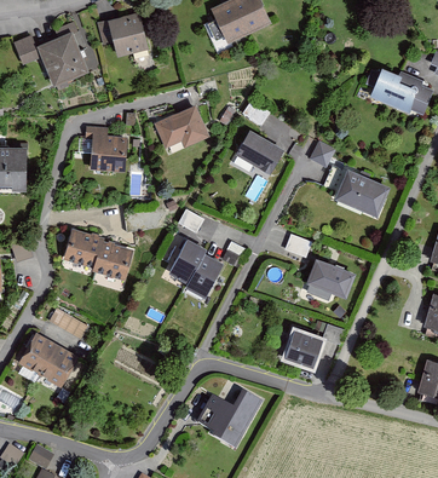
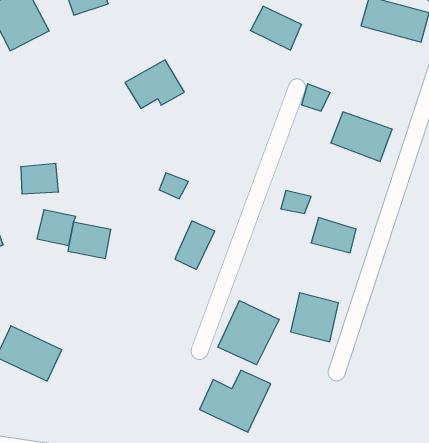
building: [236,132,282,173] -> [250,6,302,50]
building: [92,144,125,169] -> [21,164,59,194]
building: [169,238,207,281] -> none
building: none -> [218,301,279,365]

